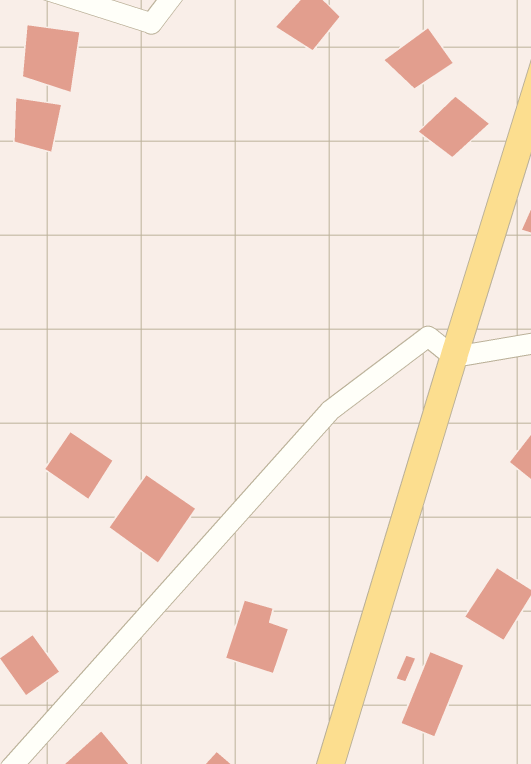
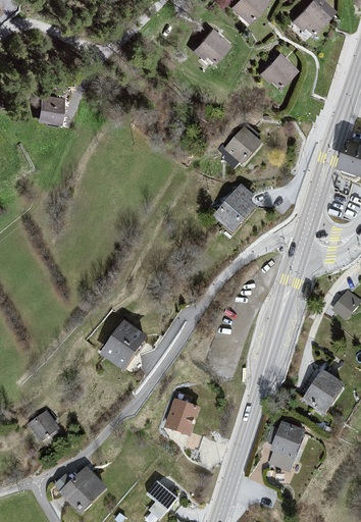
building: [22,25,80,93] -> none
building: [418,96,490,158] -> [223,127,266,164]
building: none -> [214,184,260,230]
building: [44,431,113,500] -> none

